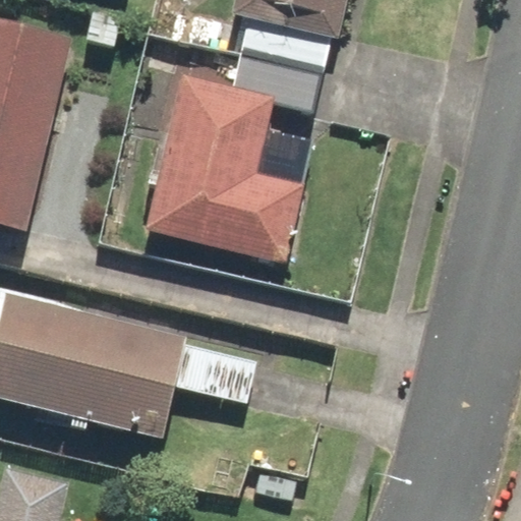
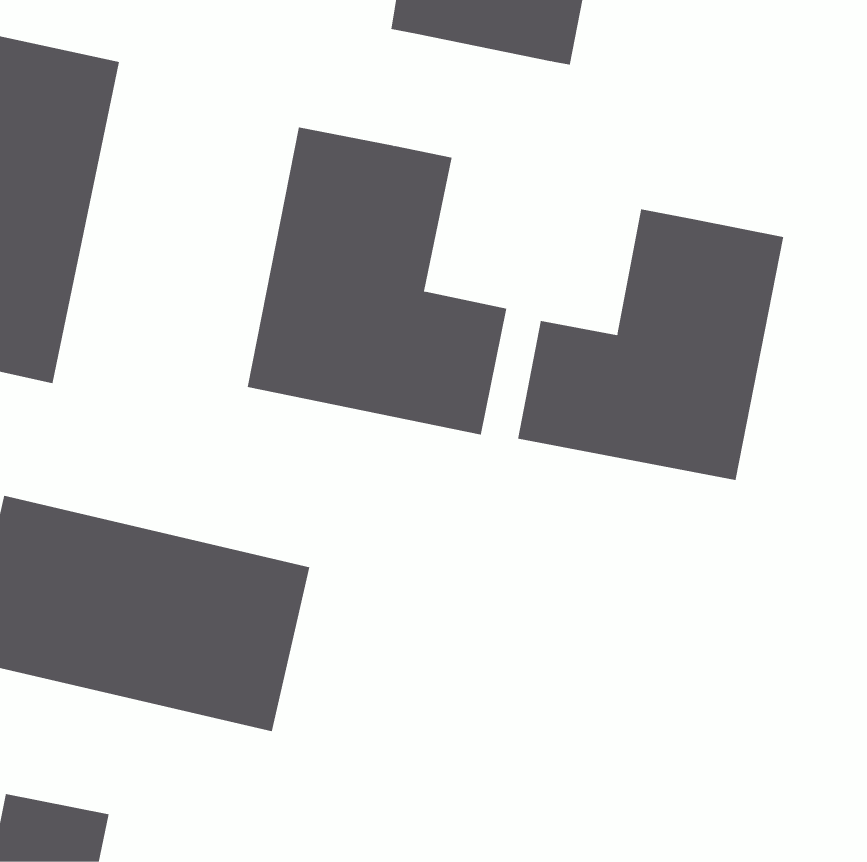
building: [234,20,328,103] -> none
building: none -> [517,209,784,481]

